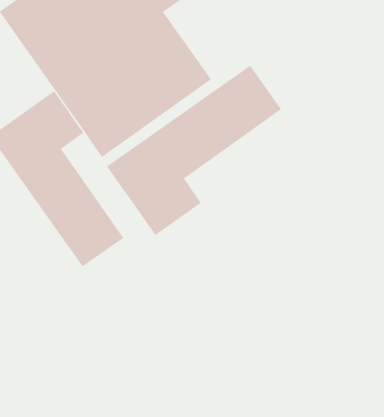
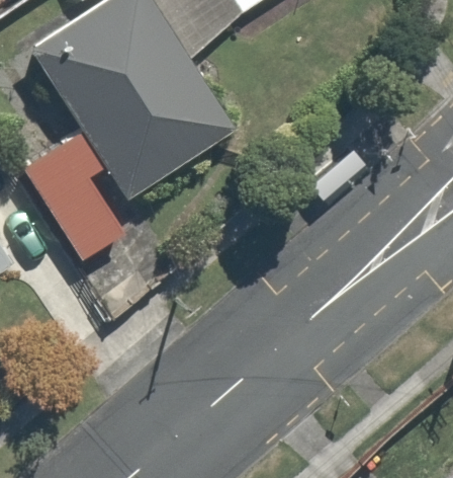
building: [106,65,282,236] -> none

